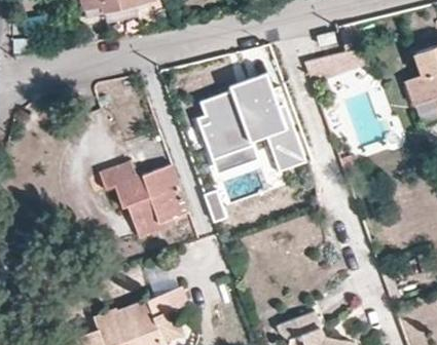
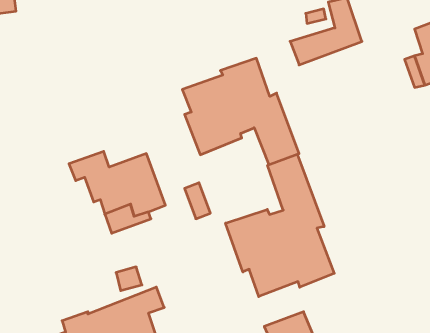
building: none -> [226,154,334,297]

